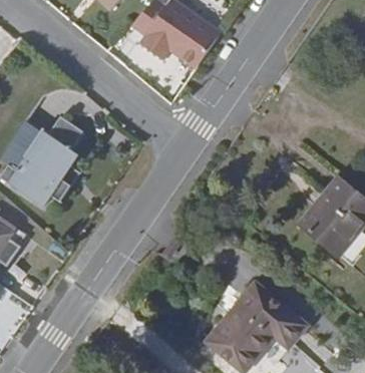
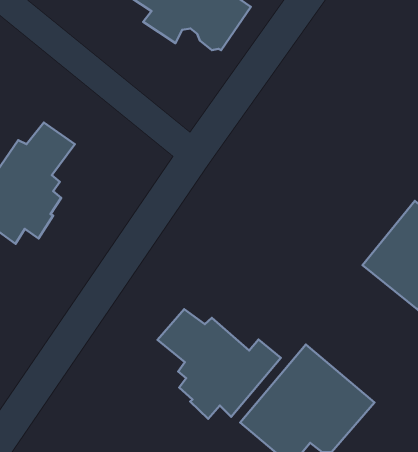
building: none -> [157,309,281,419]

